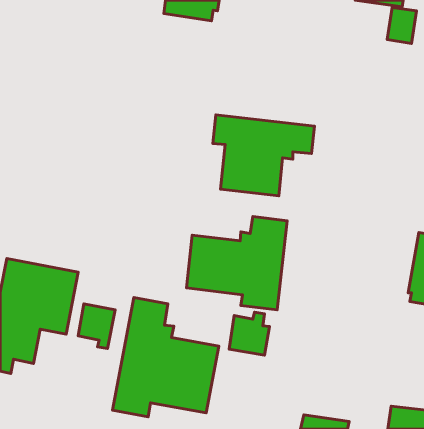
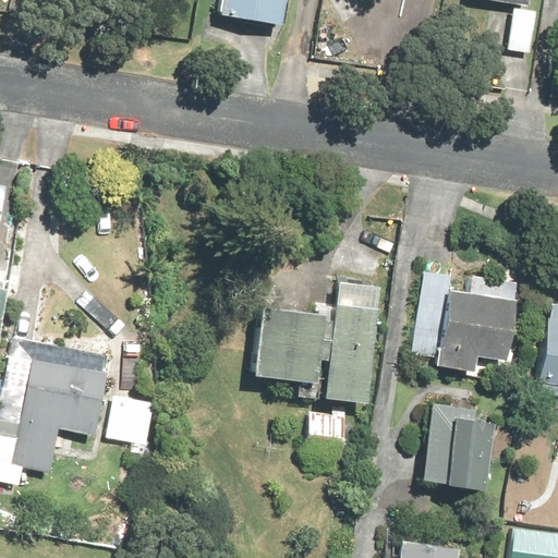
building: [213,115,314,196] -> none
building: none -> [413,270,519,371]
building: [113,298,219,417] -> none
building: none -> [420,402,498,489]

